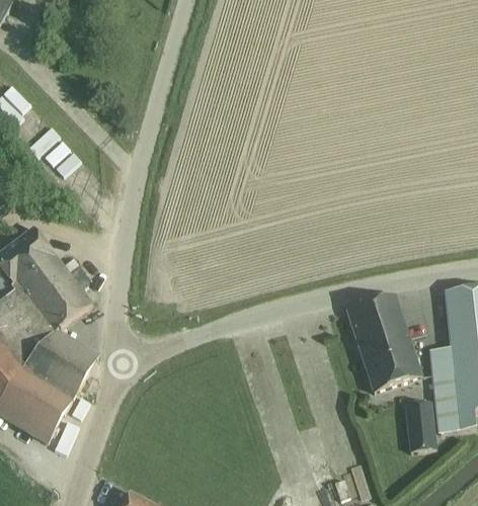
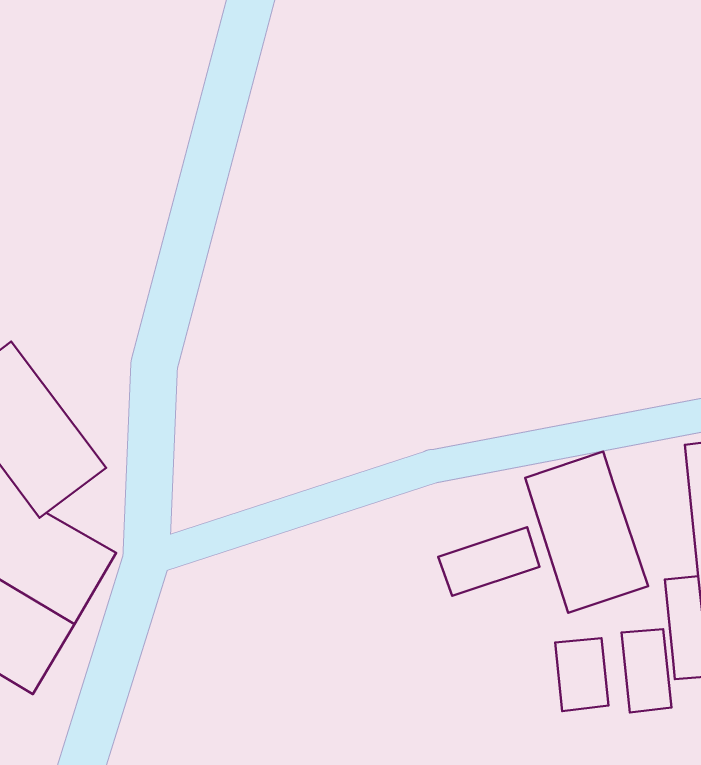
building: none -> [438,527,539,596]
building: none -> [555,638,608,711]

